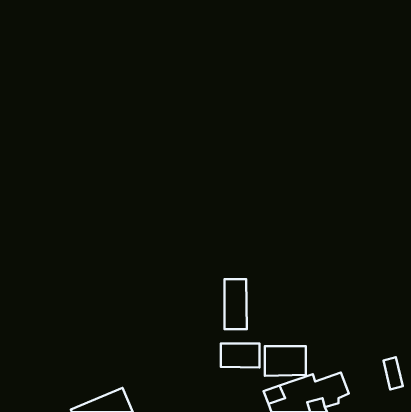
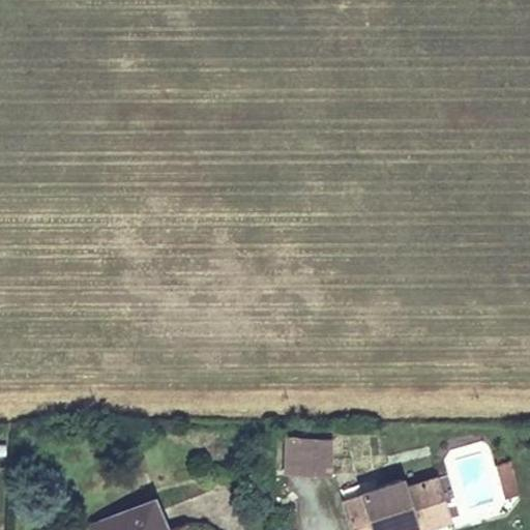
building: [225,279,247,329] -> none
building: [265,346,306,376] -> none

